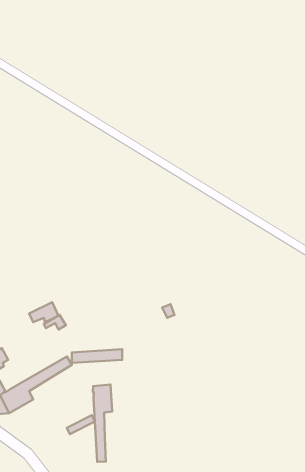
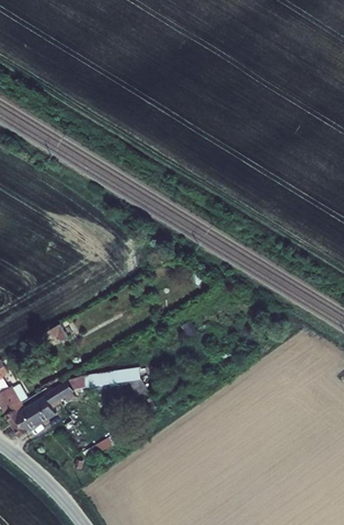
building: [93,385,112,462] -> none

